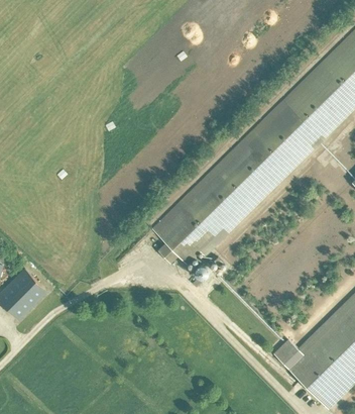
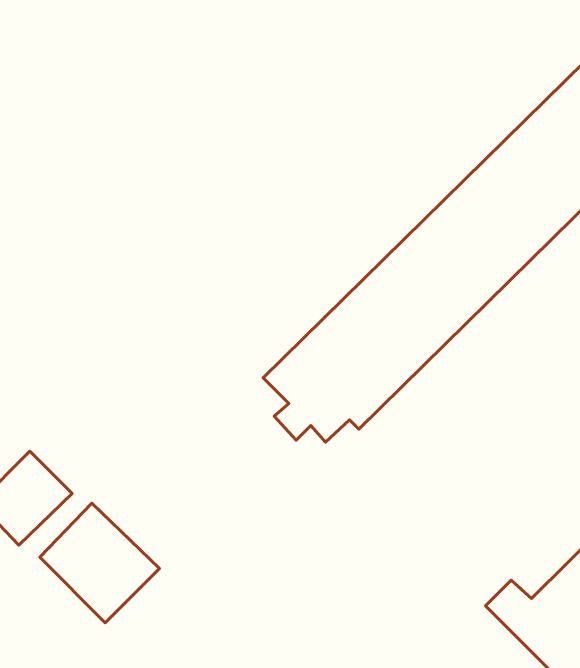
building: none -> [40,503,159,623]

